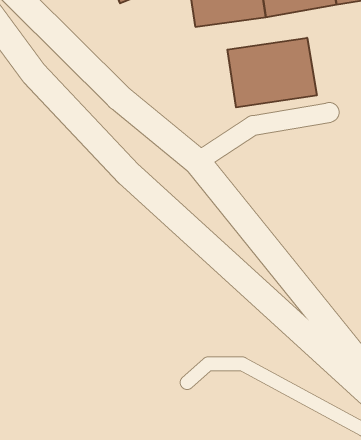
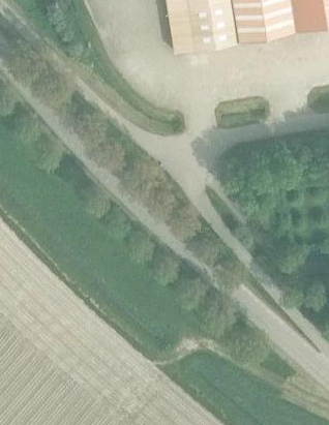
building: [227,38,317,107] -> none

